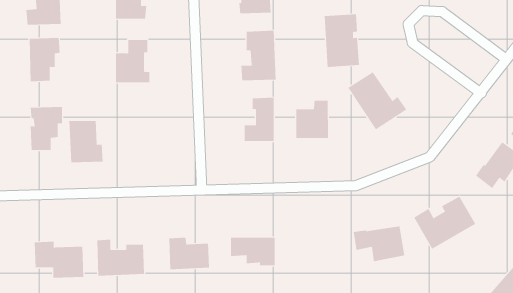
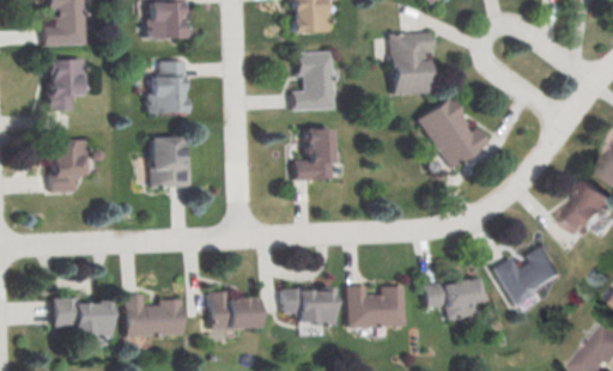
building: [296,100,329,139] -> none
building: [69,121,104,163] -> [151,138,192,187]
building: none -> [348,285,407,328]

